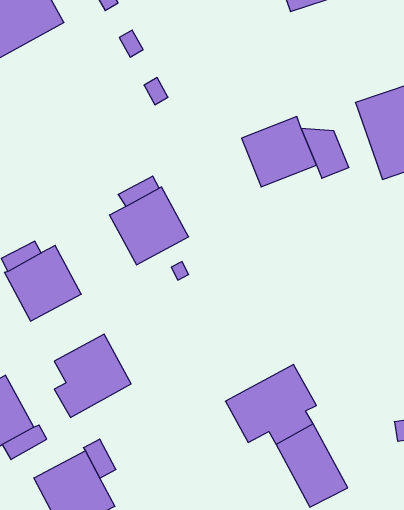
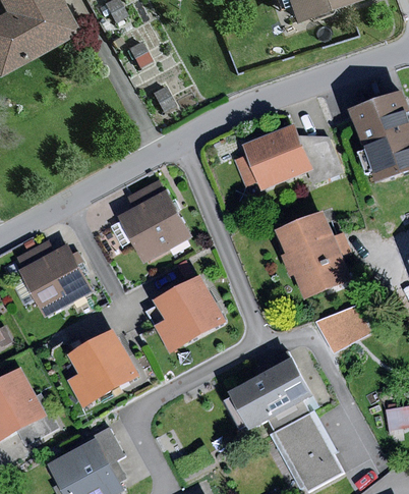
building: none -> [275,211,351,299]
building: none -> [154,275,226,353]
building: none -> [320,298,376,347]

